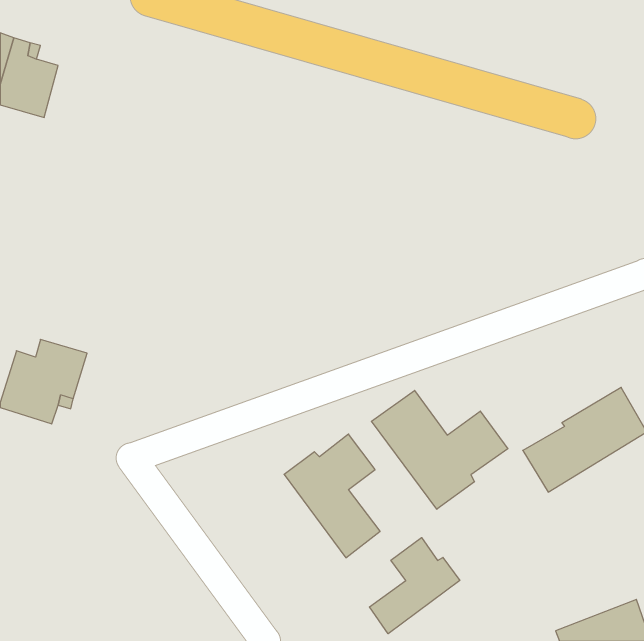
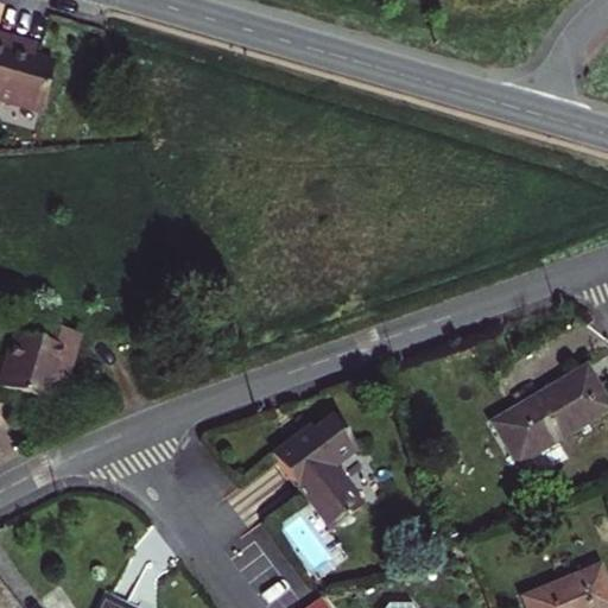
building: [371,390,508,509] -> none
building: [369,538,460,634] -> none

